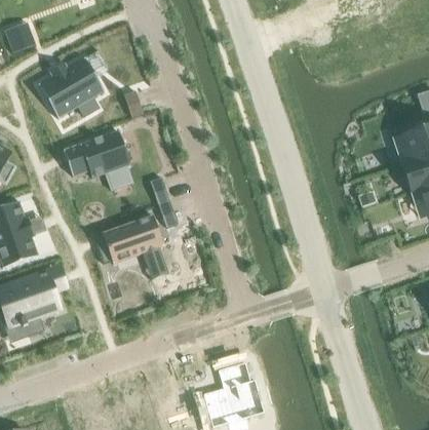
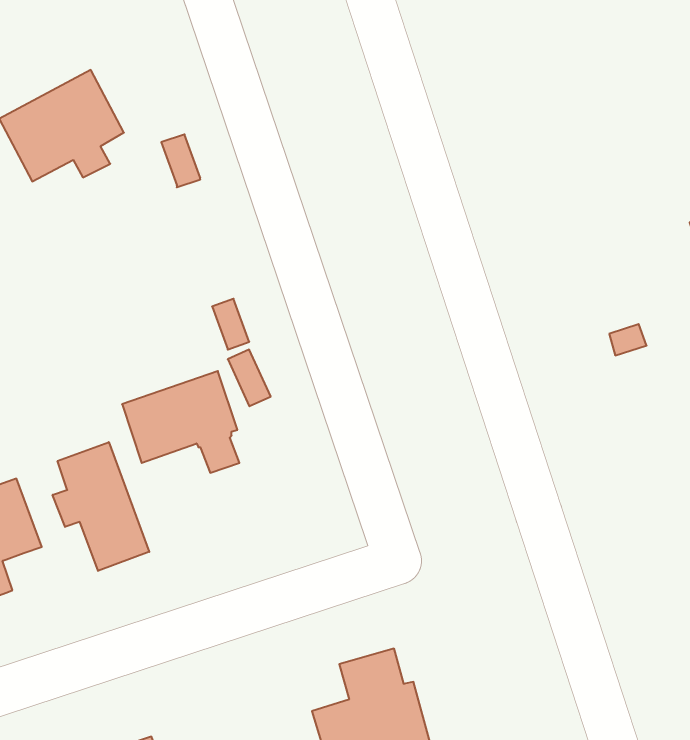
building: [64,130,132,190] -> none
building: none -> [53,442,149,571]

